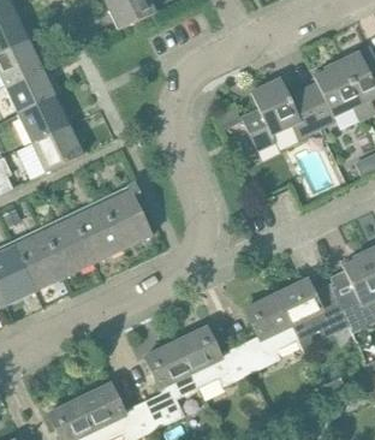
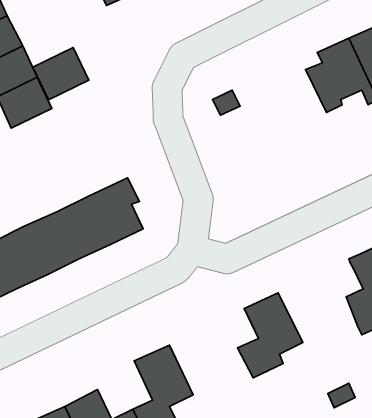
building: [240,76,320,149] -> none
building: [30,123,82,171] -> [33,48,89,100]
building: [275,266,349,338] -> none
building: [175,325,252,386] -> none

